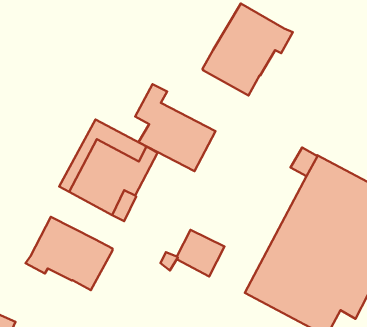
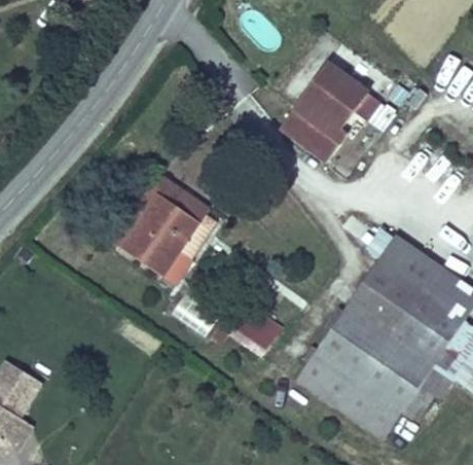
building: [135,84,215,171] -> none
building: [26,217,113,290] -> none

